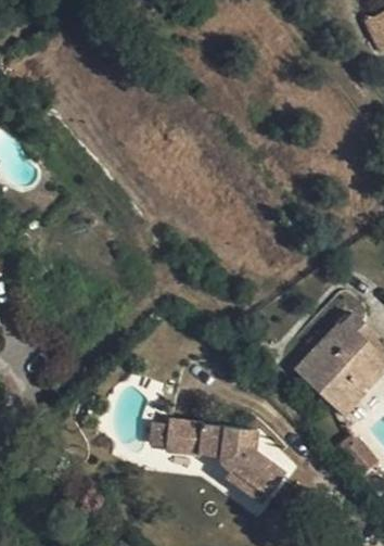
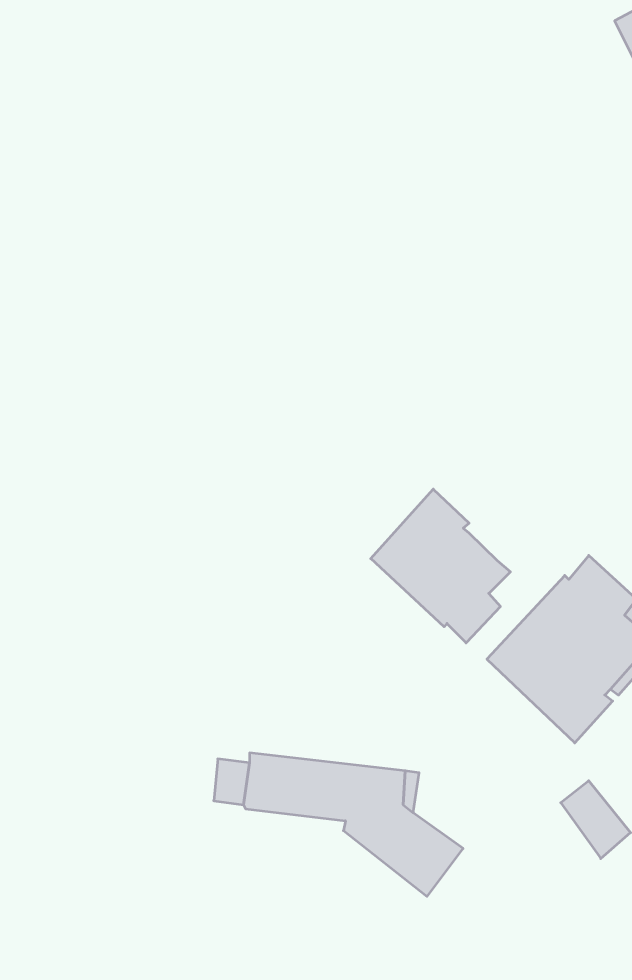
building: none -> [371,489,510,643]

